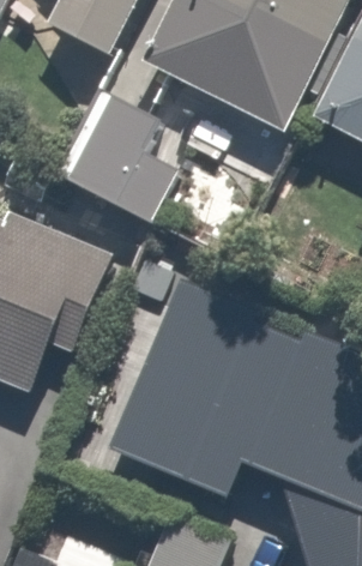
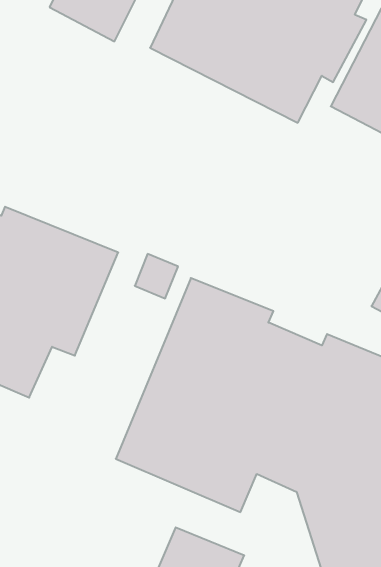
building: [53,86,180,224] -> none

